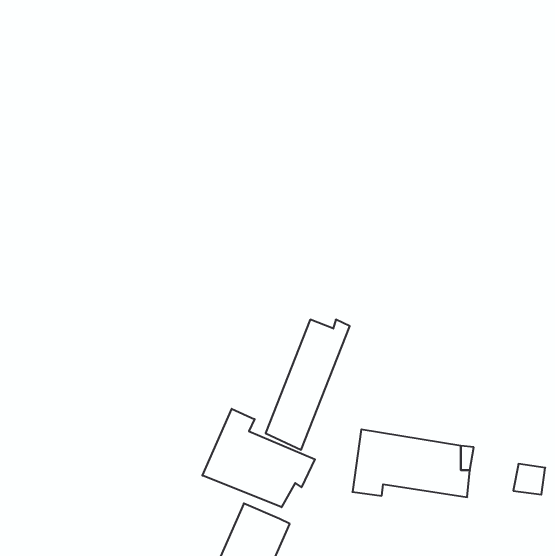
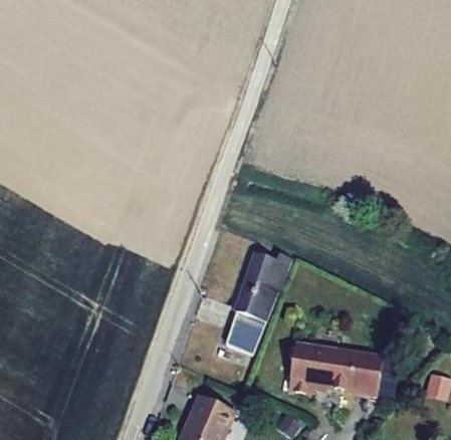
building: [202,409,315,507] -> none

